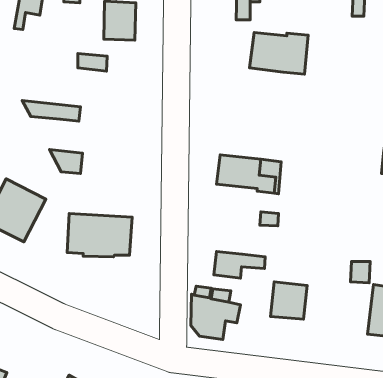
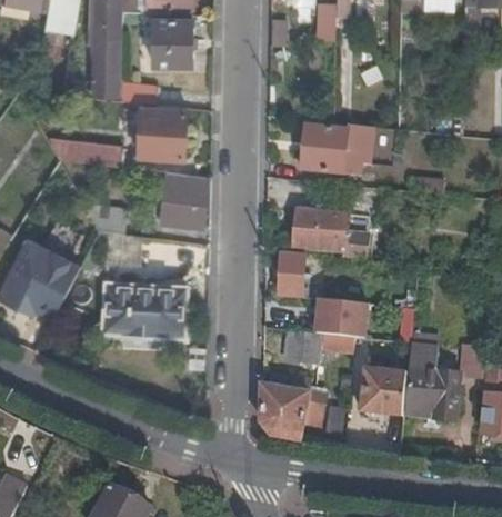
building: none -> [90,40,118,95]
building: [250,32,308,74] -> [299,123,372,176]
building: none -> [137,108,184,158]
building: none -> [148,172,207,225]
building: none -> [278,253,310,297]
building: none -> [329,305,375,337]
building: none -> [403,335,459,421]

